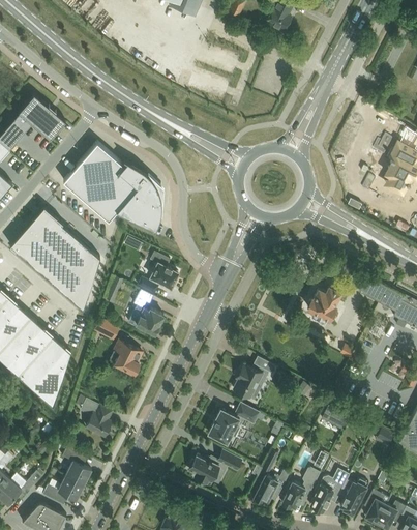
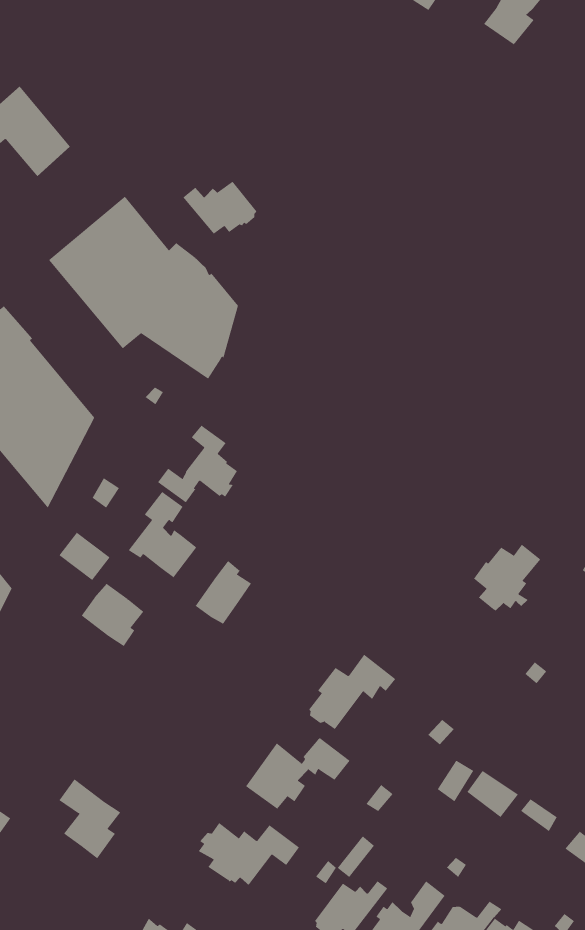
building: none -> [182,181,257,235]
building: none -> [195,560,252,624]
building: [79,399,112,438] -> [59,779,121,859]

